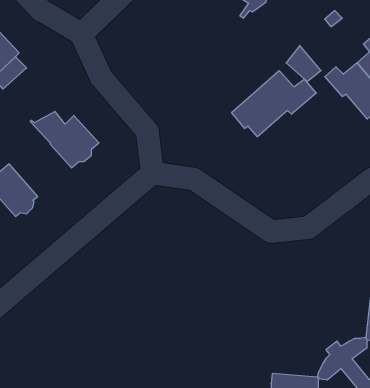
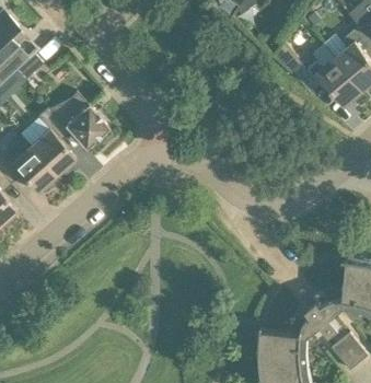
building: [232,71,316,137] -> none
building: none -> [28,106,73,174]

